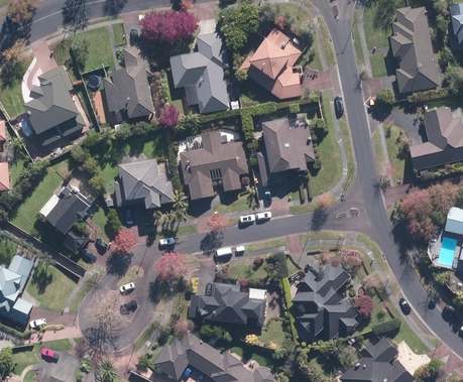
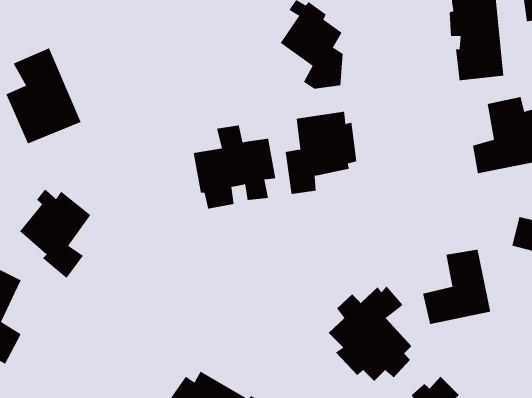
building: [168,34,228,113] -> none
building: [103,45,154,122] -> none
building: [113,151,173,210] -> none
building: none -> [423,249,491,325]
building: [189,282,265,324] -> none

